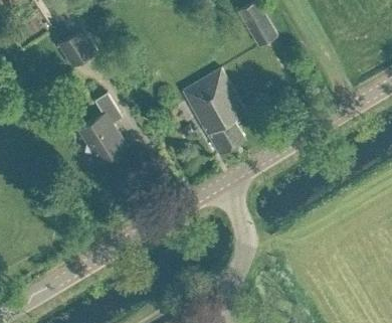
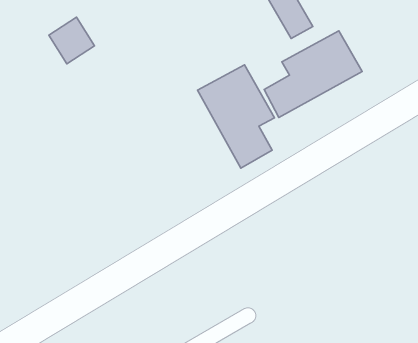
building: none -> [264,31,362,118]
building: [76,95,129,166] -> none

